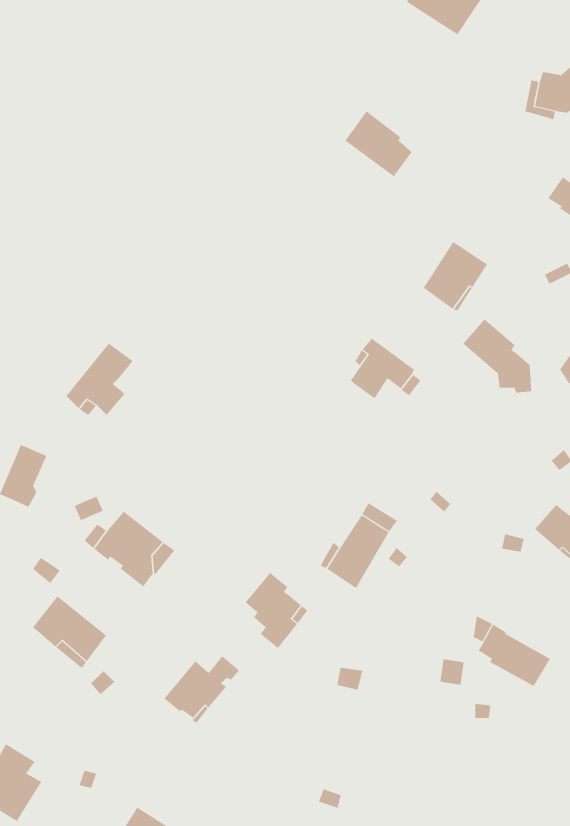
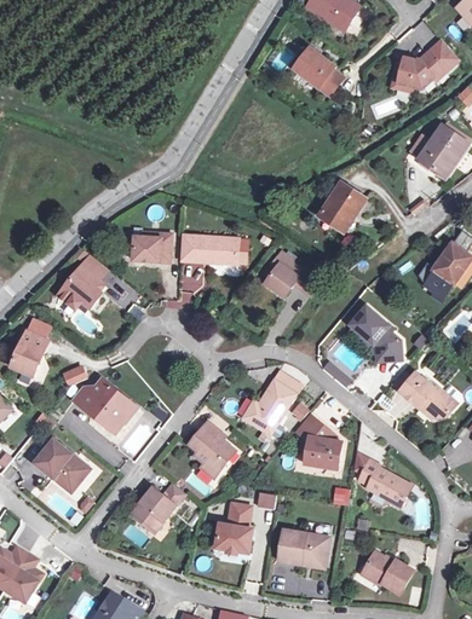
building: [344,111,413,177] -> [294,47,344,96]
building: none -> [127,232,171,261]
building: none -> [179,236,238,264]
building: [462,318,532,393] -> [350,306,401,360]
building: none -> [297,415,341,465]
building: none -> [215,503,251,553]
building: none -> [277,530,329,565]
building: none -> [361,551,413,594]

